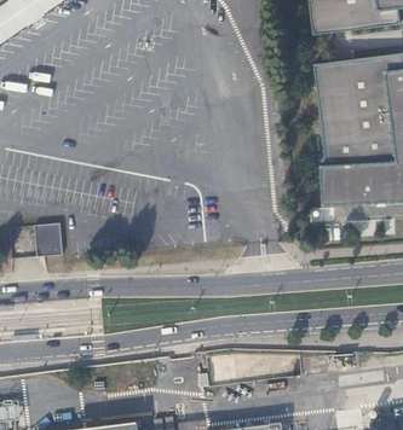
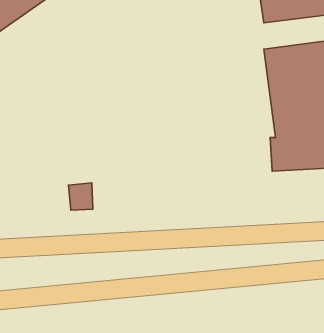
building: [34,221,62,252] -> [69,183,93,210]

